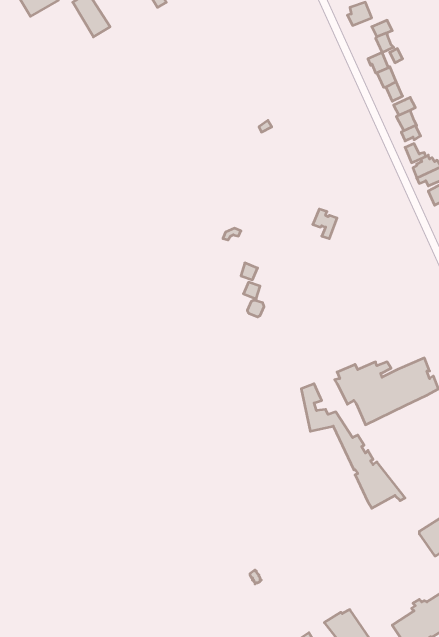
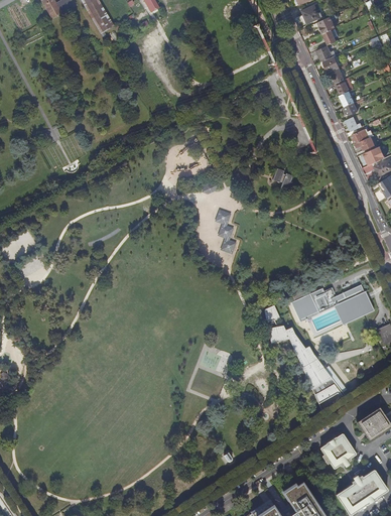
building: none -> [320,433,356,469]

